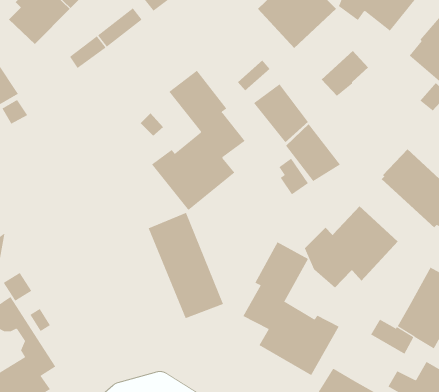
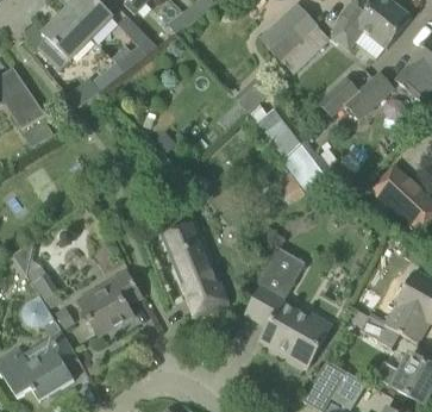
building: none -> [344,71,393,119]
building: [151,70,245,211] -> none
building: [304,205,399,288] -> none
building: none -> [77,270,142,336]

